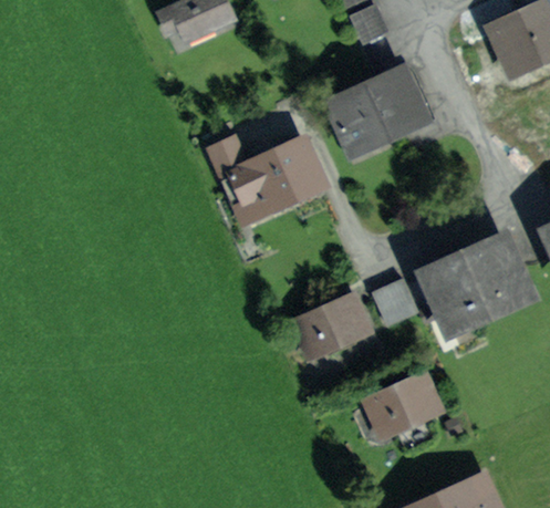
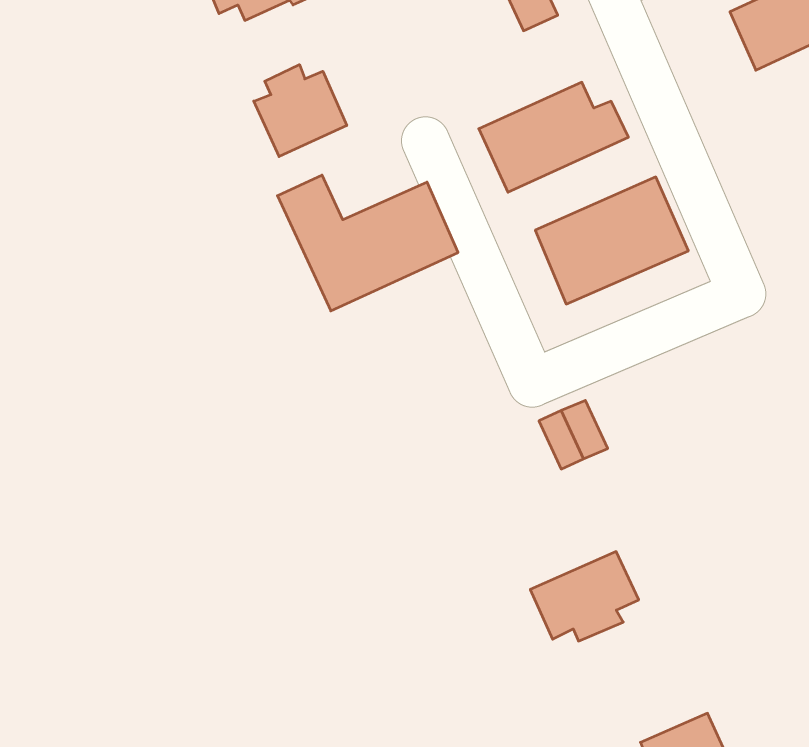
building: none -> [254,65,347,157]
building: [426,242,525,324] -> [535,177,688,304]
building: [295,299,365,355] -> none

